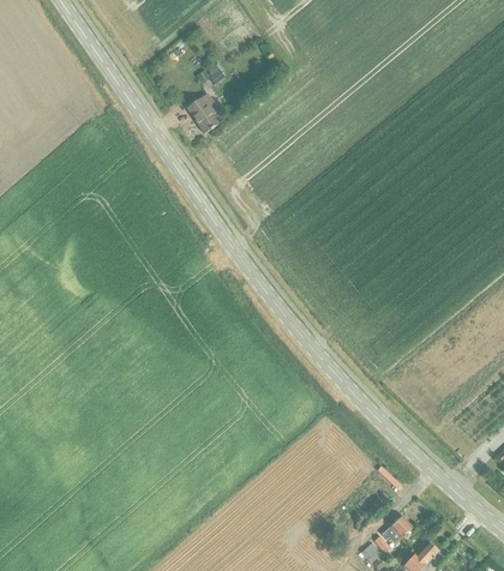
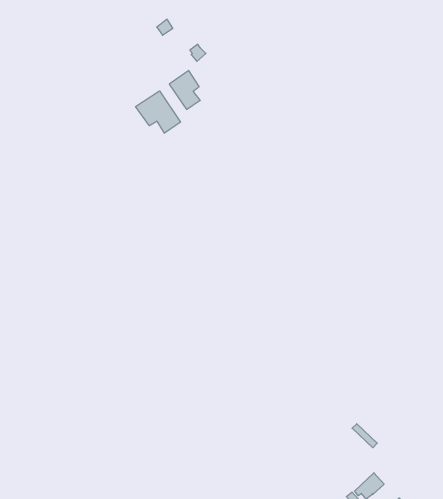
building: none -> [136,91,181,133]

